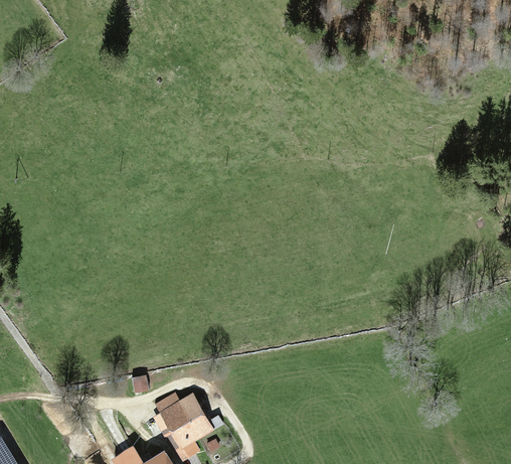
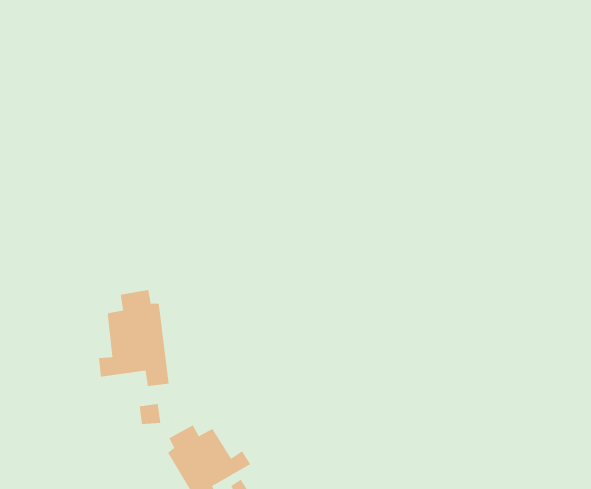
building: none -> [98,289,169,387]

